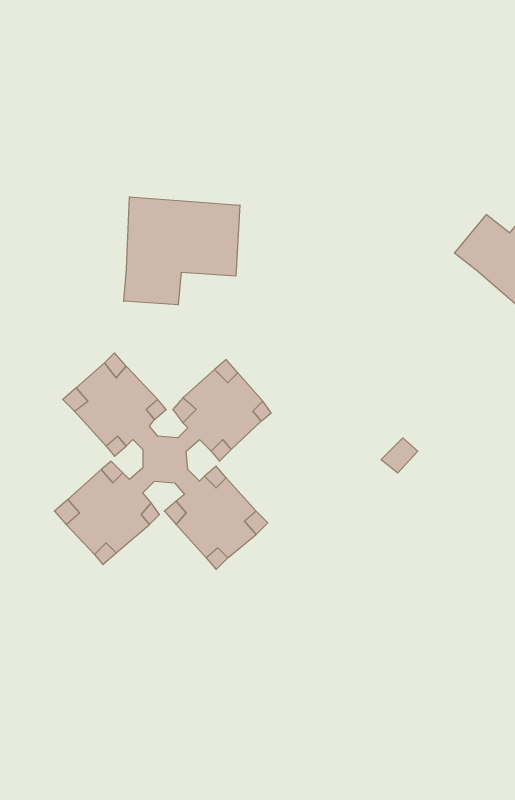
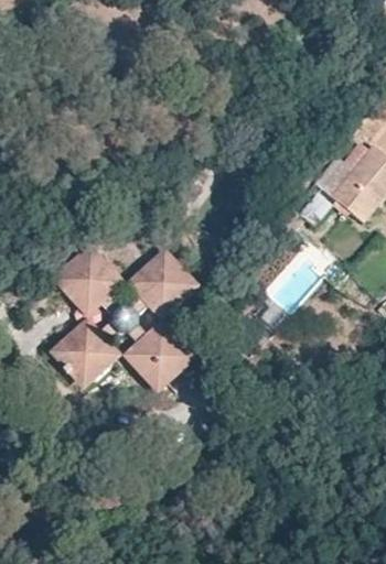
building: [124,197,240,305] -> none

